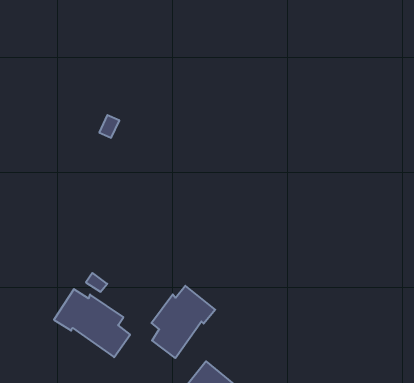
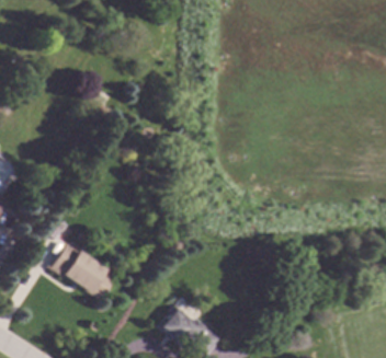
building: [151,286,215,358] -> none

